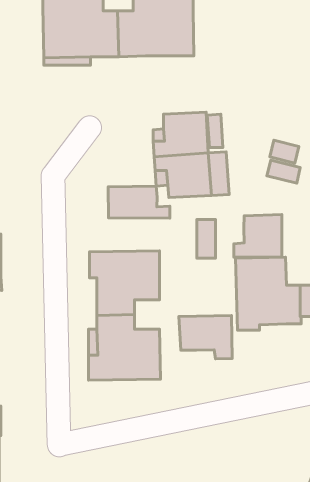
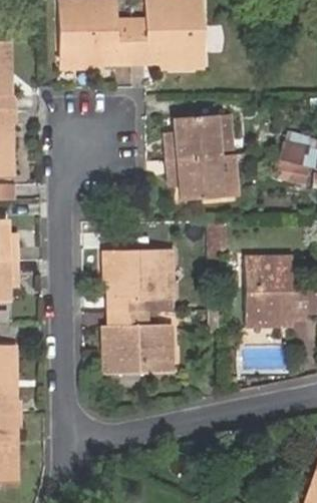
building: [108,186,170,218] -> none
building: [234,215,282,257] -> none
building: [179,316,232,359] -> none

